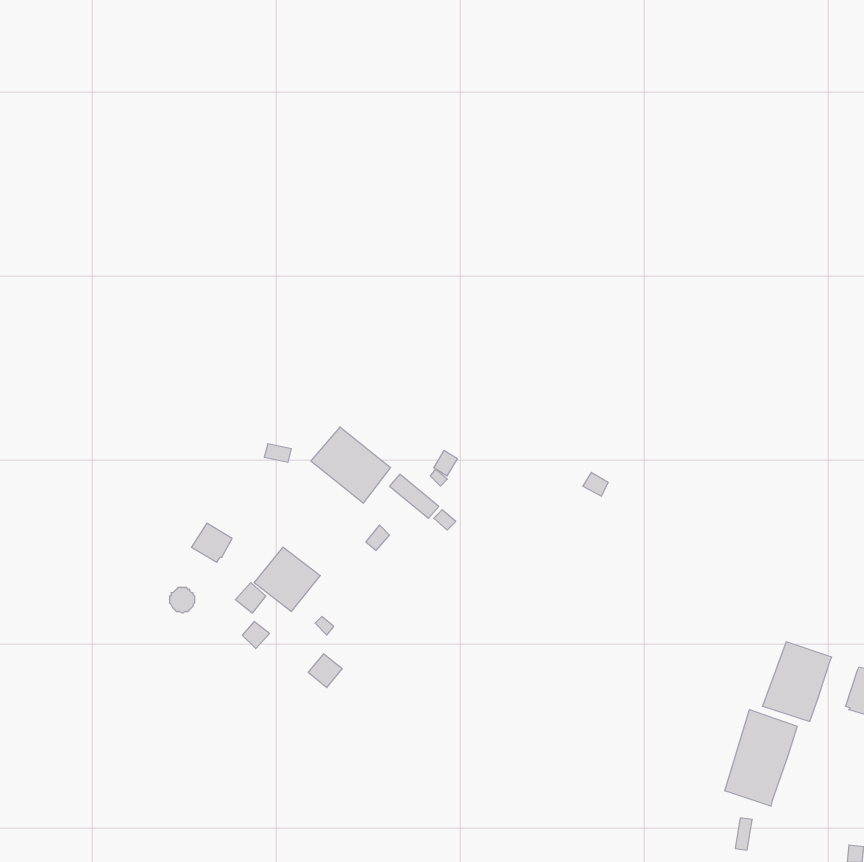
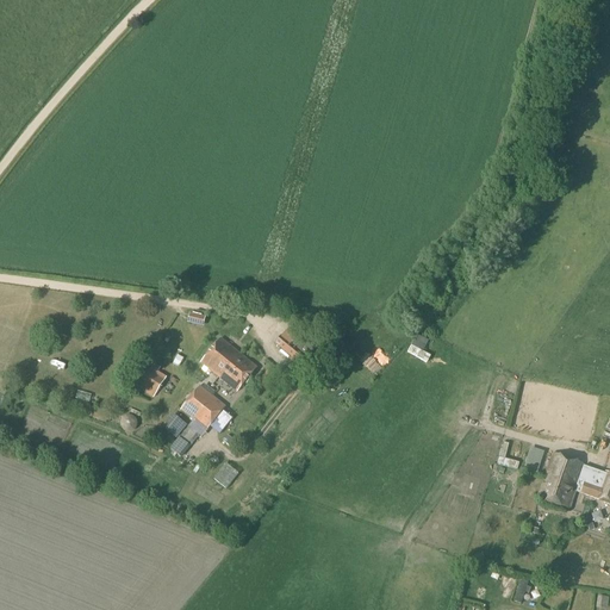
building: [311,427,391,503] -> [201,337,257,391]
building: [725,710,797,806] -> none

